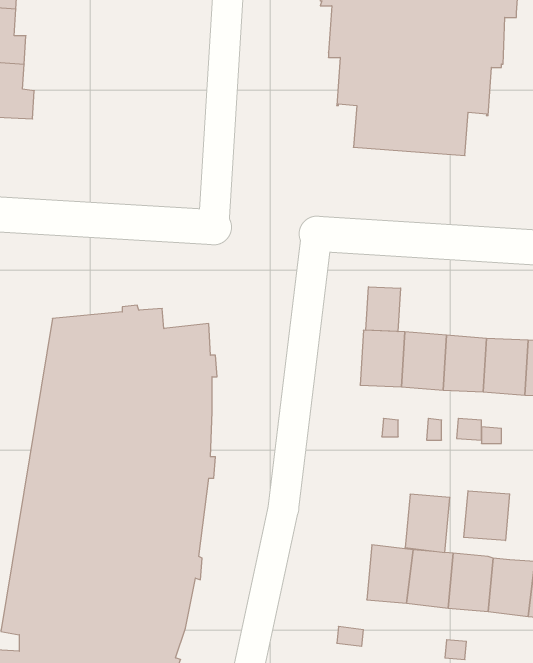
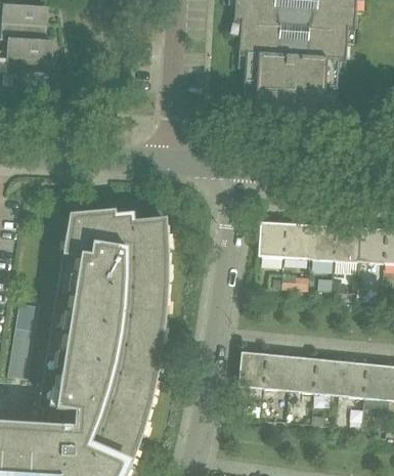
building: [366,287,401,332] -> none
building: [464,491,510,541] -> none
building: [405,494,450,552] -> [238,352,266,388]

